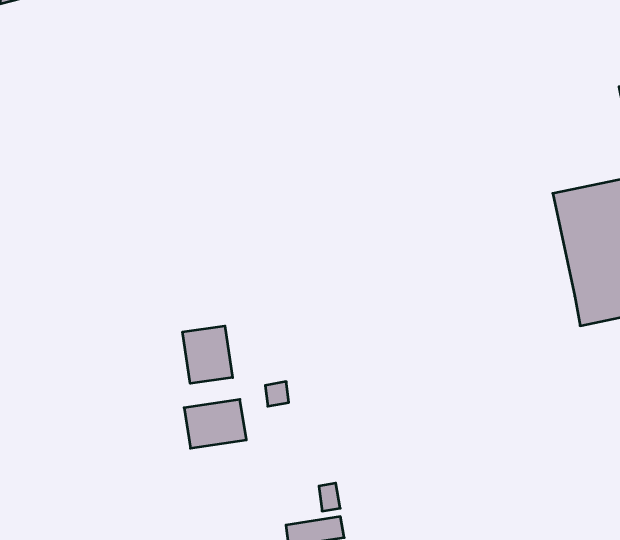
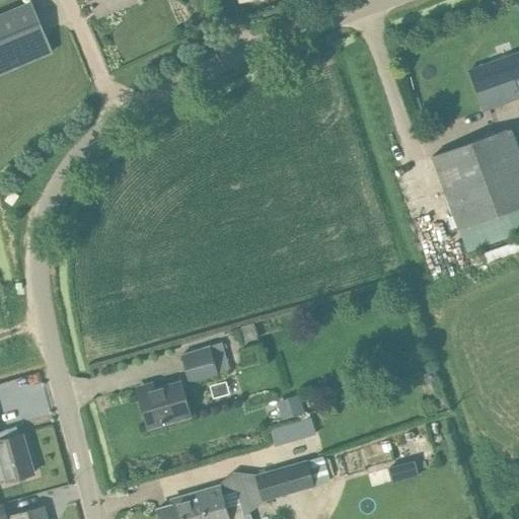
building: [183,326,233,383] -> none
building: none -> [138,381,191,428]

